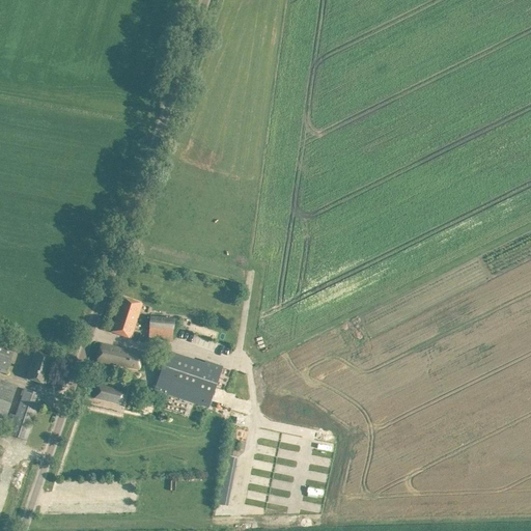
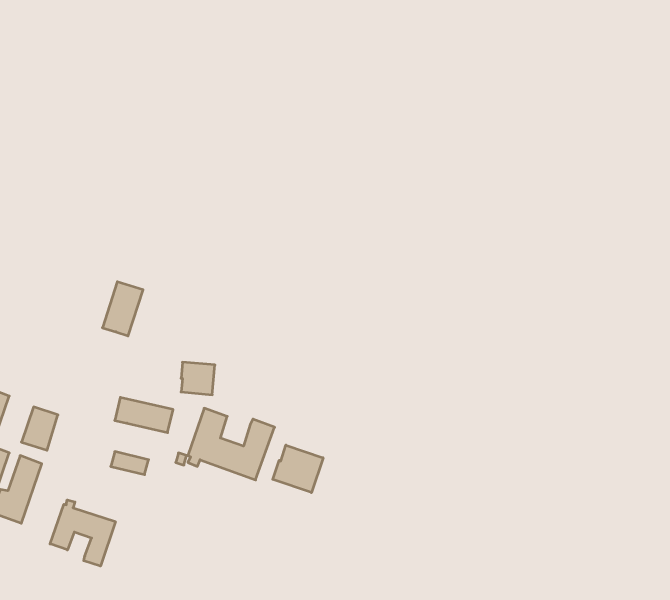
building: [111,296,142,337] -> [102,282,143,336]
building: none -> [273,445,323,493]
building: none -> [50,500,115,566]

